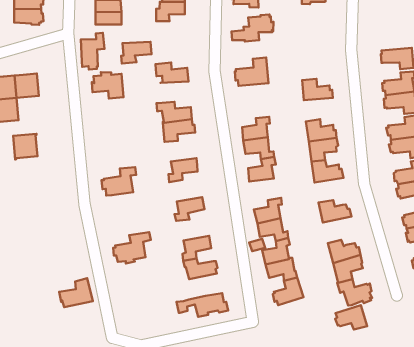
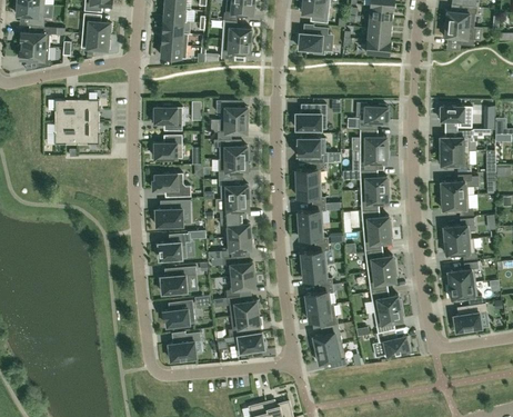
building: [232,14,273,41] -> [348,106,390,130]
building: [81,33,104,70] -> none
building: [121,42,151,64] -> [218,120,248,140]
building: none -> [296,139,328,163]
building: none -> [360,150,389,171]
building: none -> [152,136,182,161]
building: [13,134,37,159] -> [77,122,100,146]
building: none -> [152,173,191,198]
building: none -> [219,179,249,200]
building: none -> [363,230,392,252]
building: none -> [299,225,329,246]
building: none -> [220,218,251,239]
building: none -> [155,234,191,260]
building: none -> [368,269,398,294]
building: none -> [223,258,254,278]
building: none -> [228,314,262,337]
building: [59,278,93,307] -> [163,300,195,327]
building: none -> [167,332,201,363]
building: [335,305,367,330] -> [315,345,346,368]

